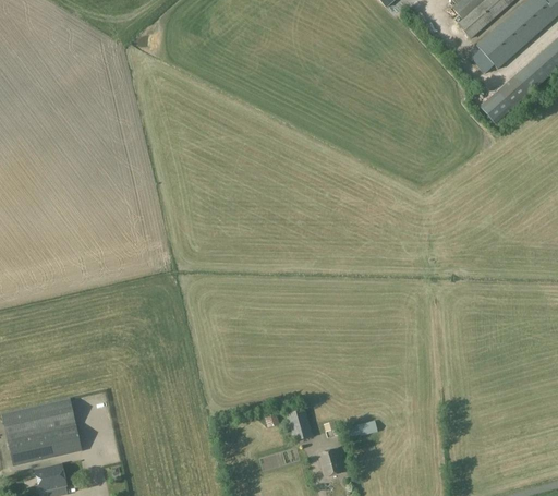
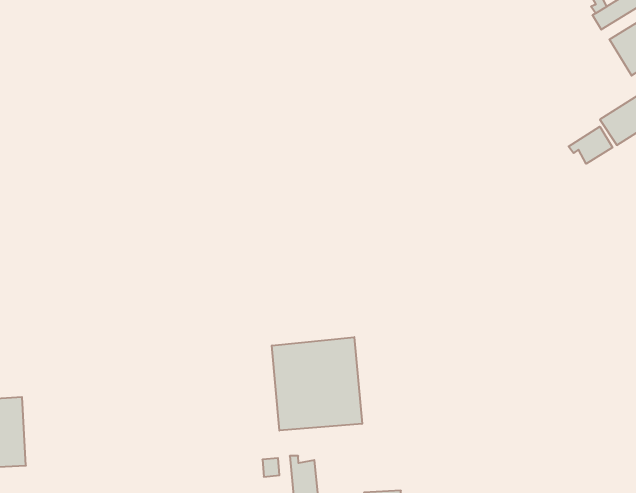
building: none -> [569,127,612,164]
building: none -> [272,337,362,431]

